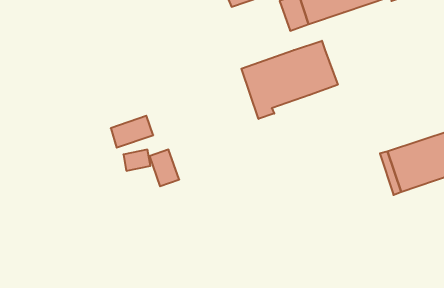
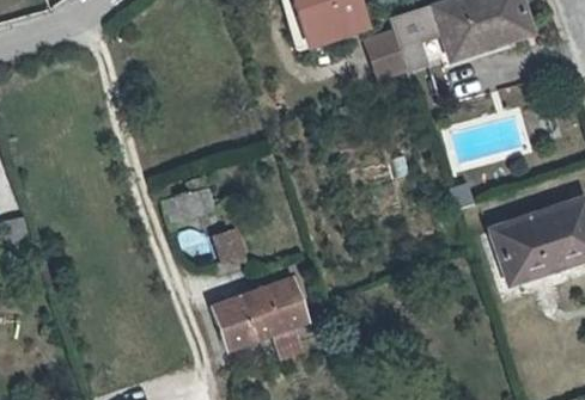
building: [241,41,338,119] -> none
building: none -> [212,275,307,346]

